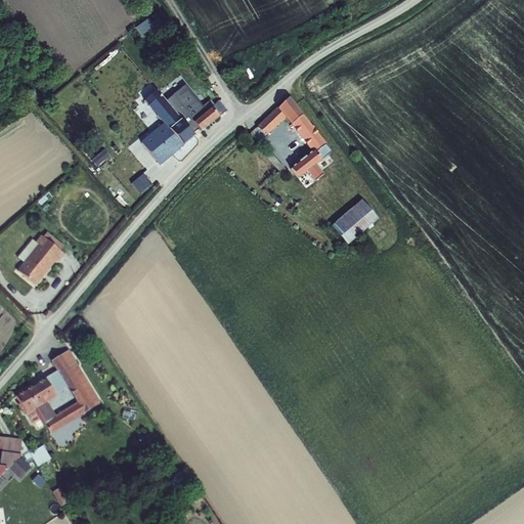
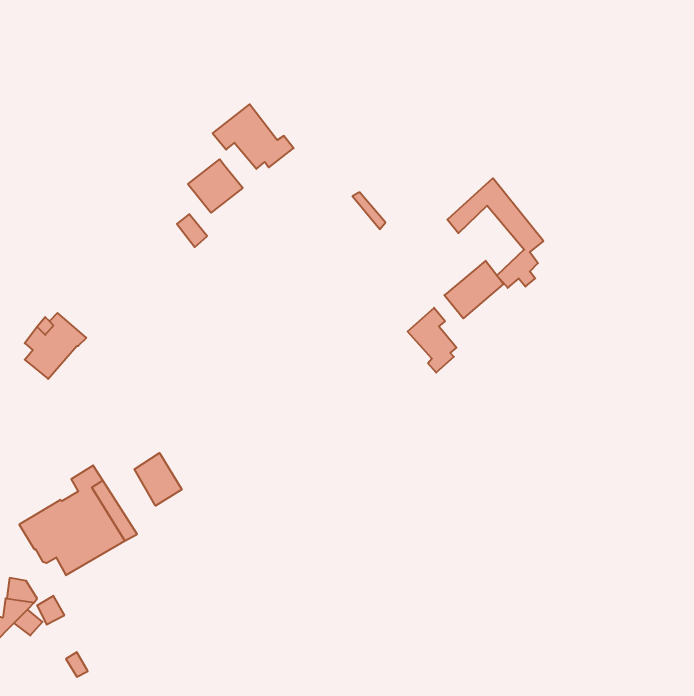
building: [255,96,326,178] -> [447,178,543,288]
building: [168,111,194,144] -> none
building: none -> [408,308,456,373]
building: none -> [134,453,182,506]

